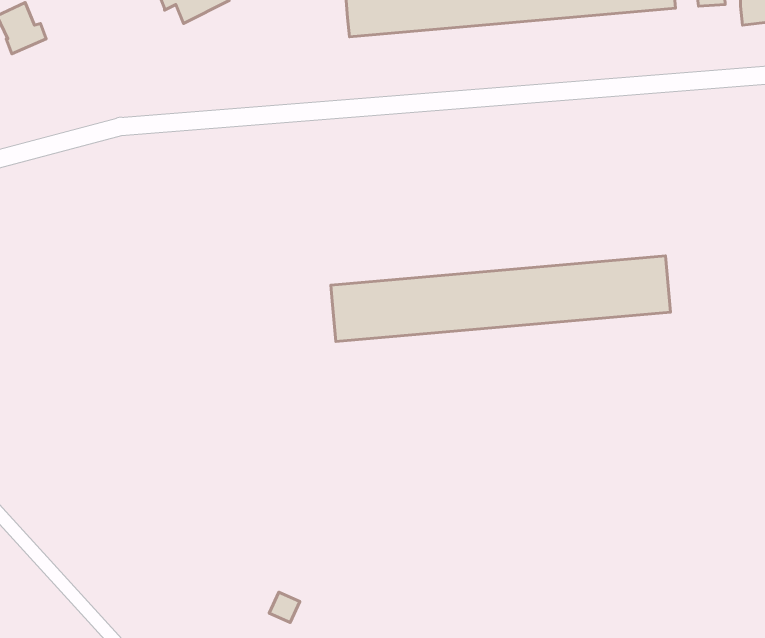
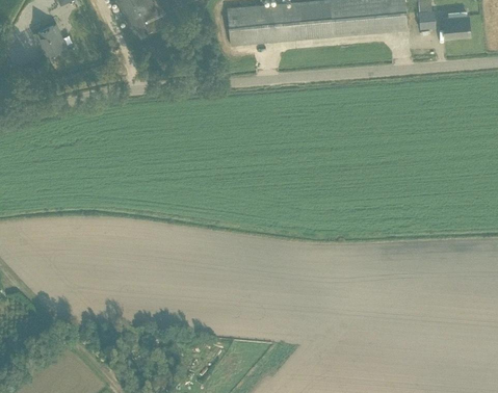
building: [331,256,670,342] -> none

